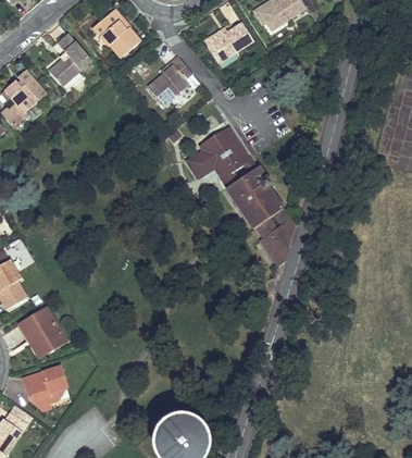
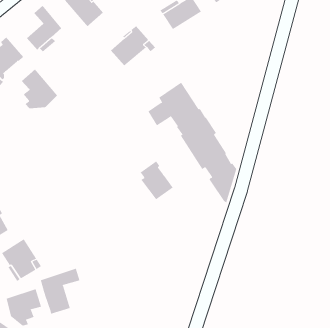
building: none -> [21,68,58,109]
building: none -> [140,161,173,200]
building: none -> [40,268,80,314]

